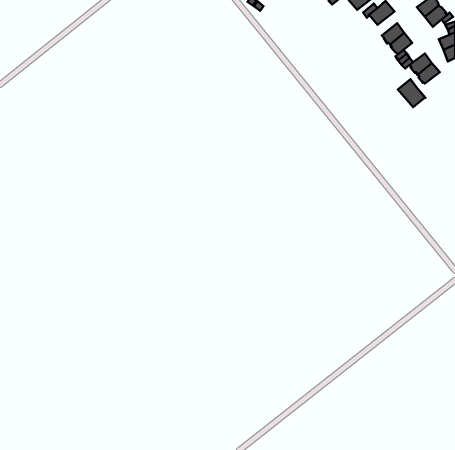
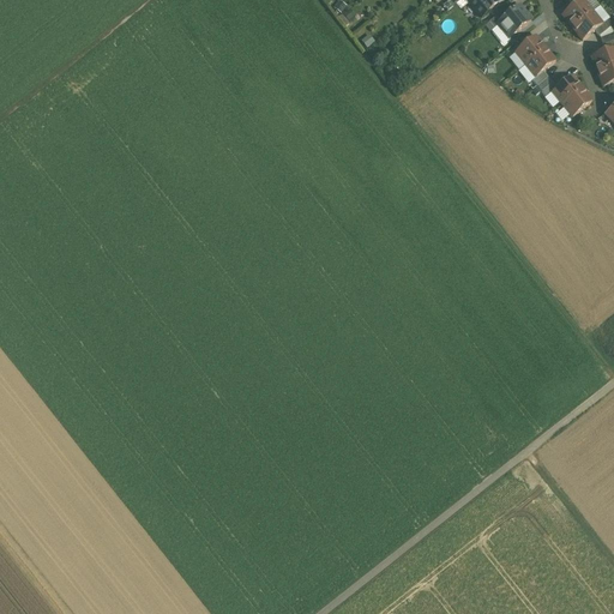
building: [398,79,426,107] -> none

